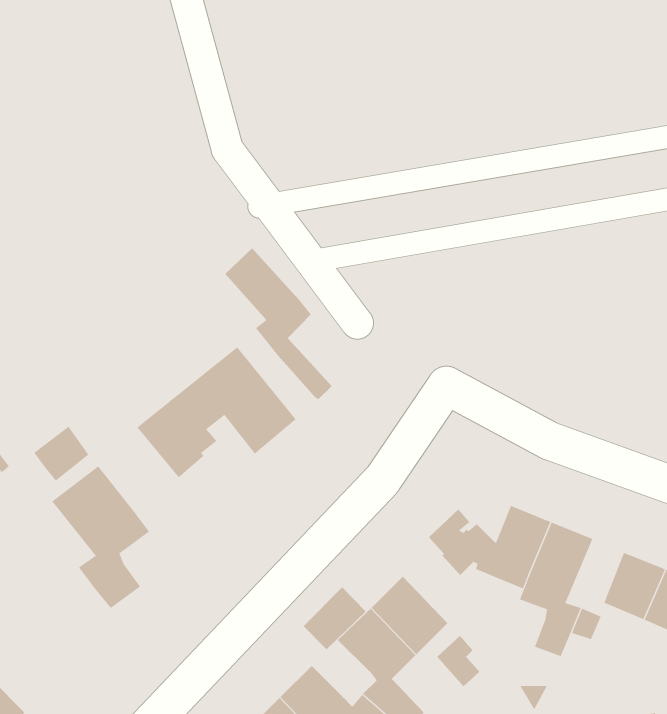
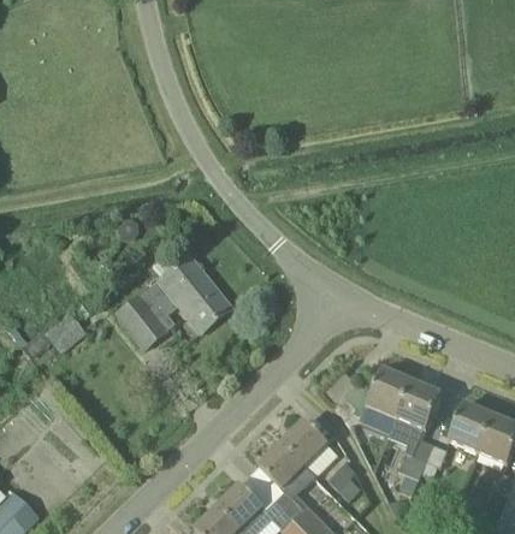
building: [225,248,333,400] -> none
building: [51,466,150,609] -> none
building: [303,587,366,650] -> none

